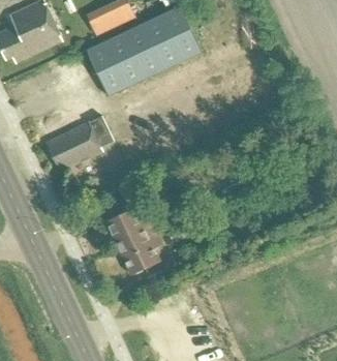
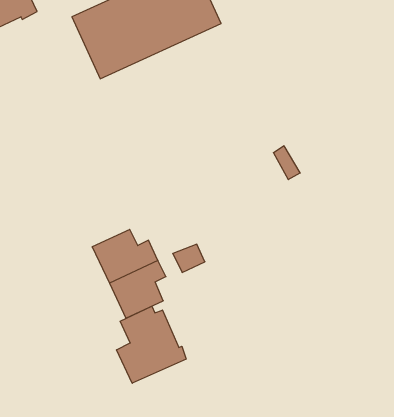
building: [45,116,110,169] -> none
building: none -> [117,306,186,383]

